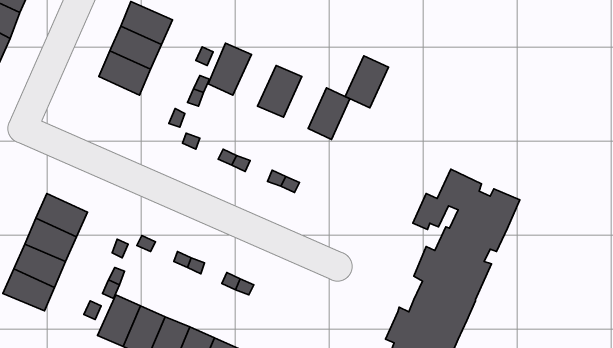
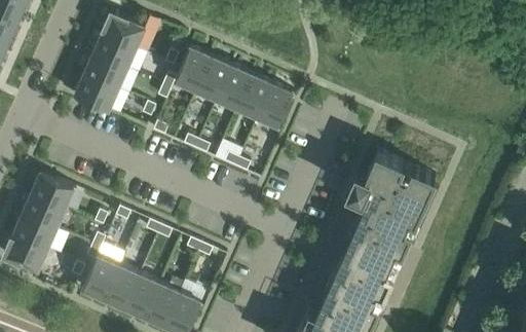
building: none -> [195,58,231,101]
building: [345,56,388,108] -> [237,76,273,119]
building: none -> [74,76,117,112]

